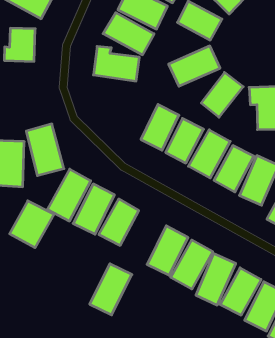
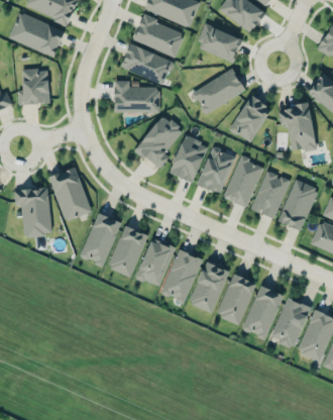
building: none -> [135,114,184,170]
building: [10,201,54,248] -> none
building: [90,264,132,315] -> [161,249,203,303]

